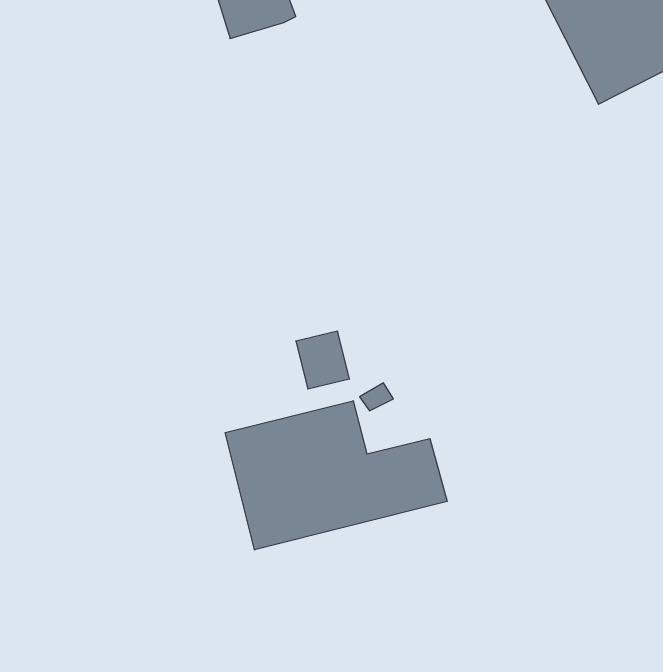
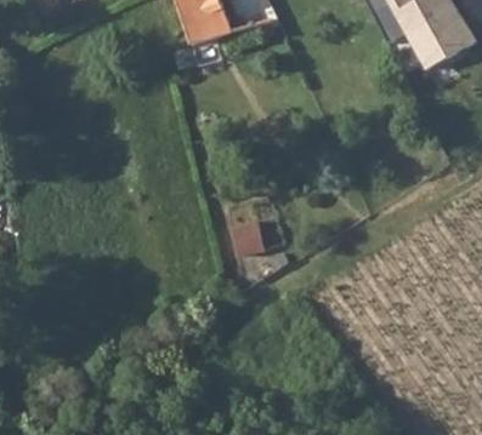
building: [225,401,447,550] -> none

